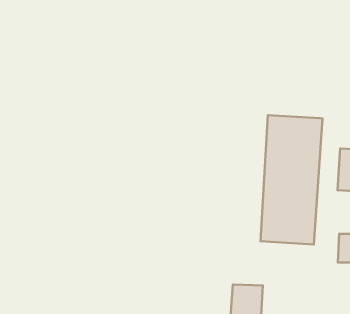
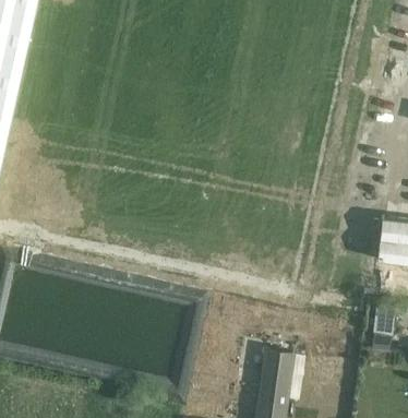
building: [260,115,323,244] -> none

